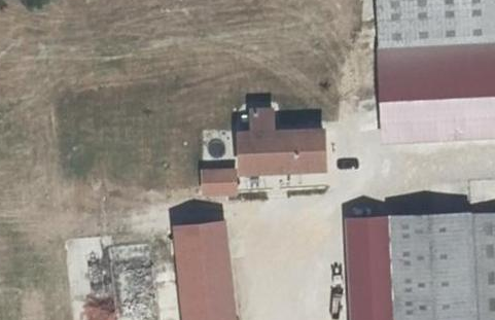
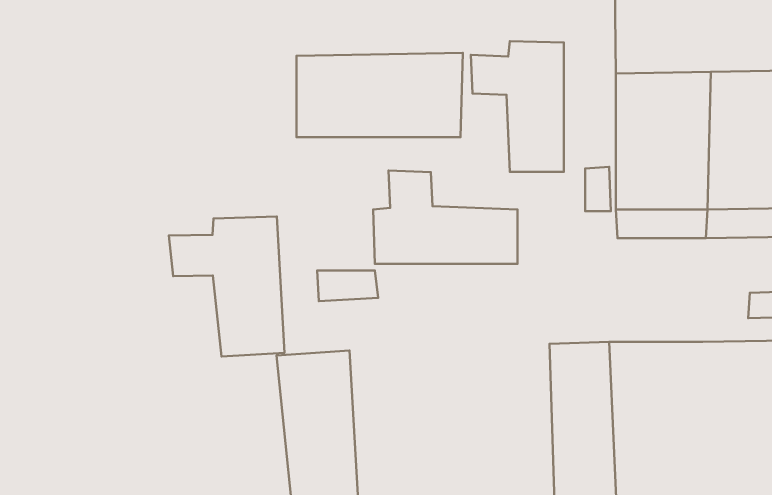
building: none -> [471,41,564,172]
building: none -> [296,53,463,137]
building: none -> [169,216,284,356]

